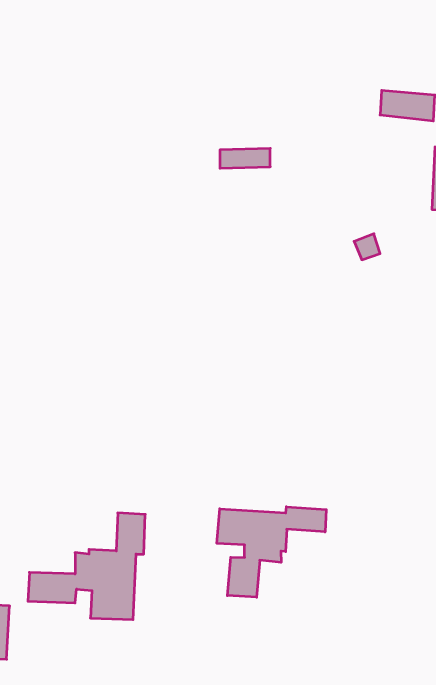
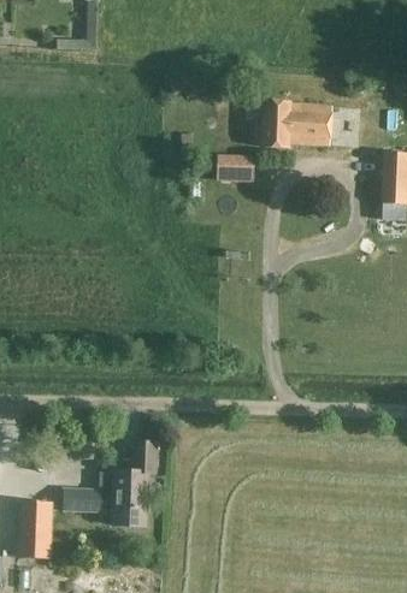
building: none -> [261,101,332,147]
building: [217,507,326,597] -> none

